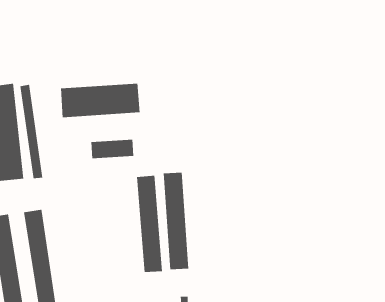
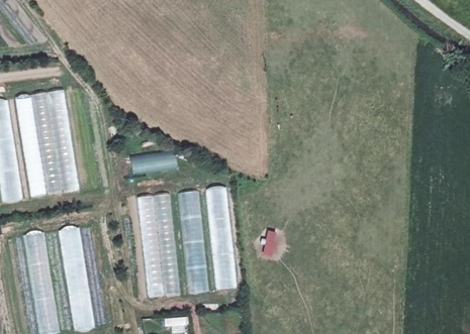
building: [60,83,140,118] -> none
building: none -> [138,193,179,297]

